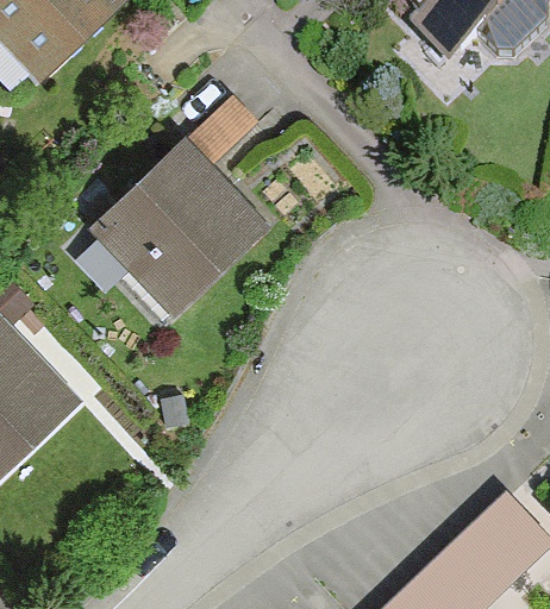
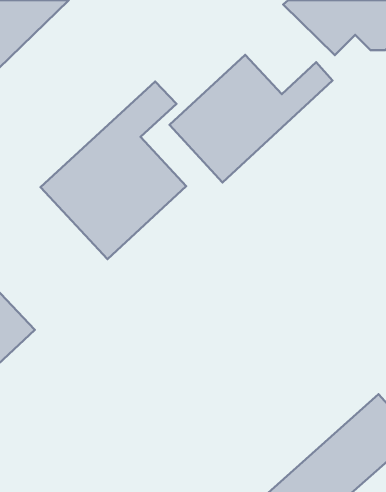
building: none -> [169,55,332,183]

